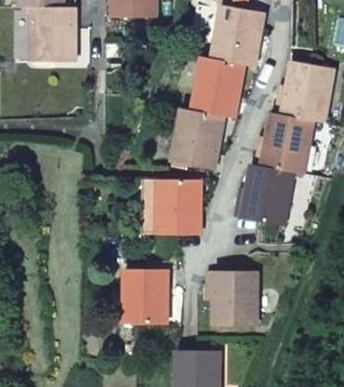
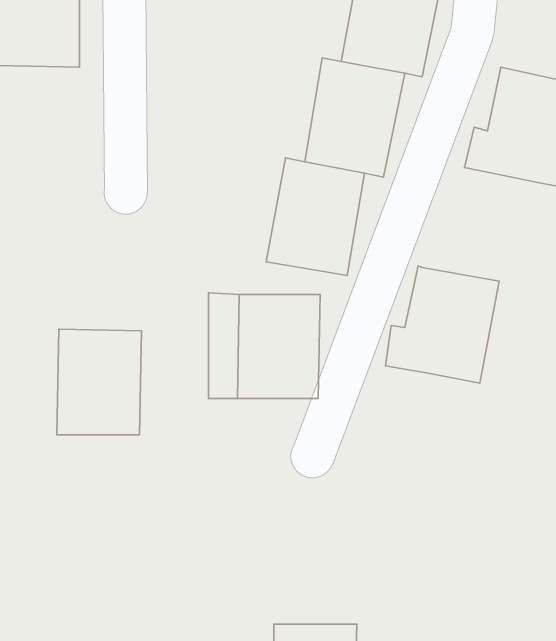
building: [253,113,314,174] -> none
building: [123,268,167,323] -> [57,329,141,435]
building: [207,270,259,324] -> none

